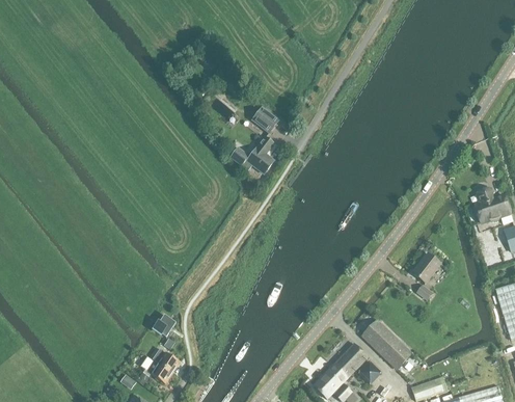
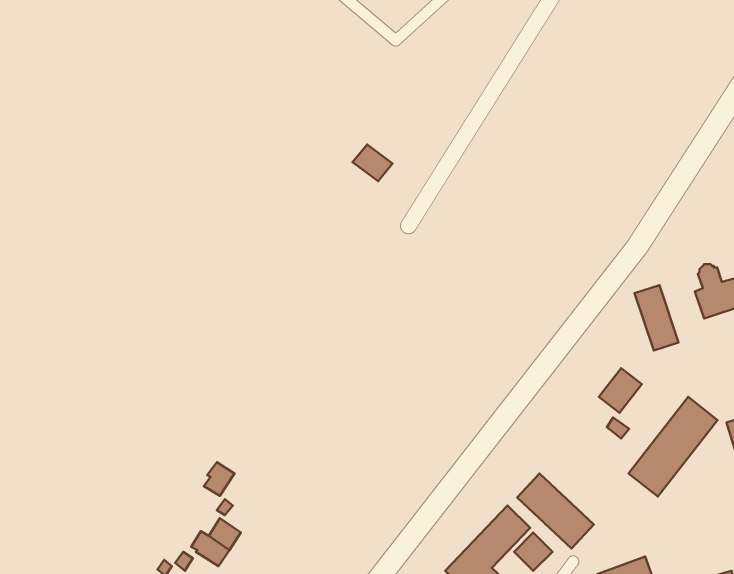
building: [232,136,274,173] -> none
building: none -> [635,285,679,351]
building: none -> [628,397,718,497]

